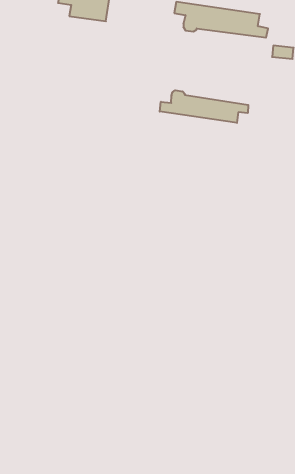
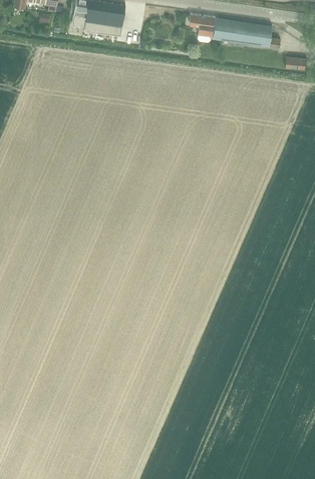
building: [160,90,248,123] -> none

